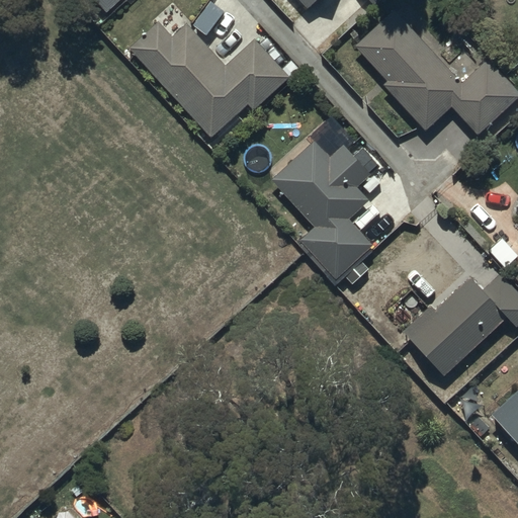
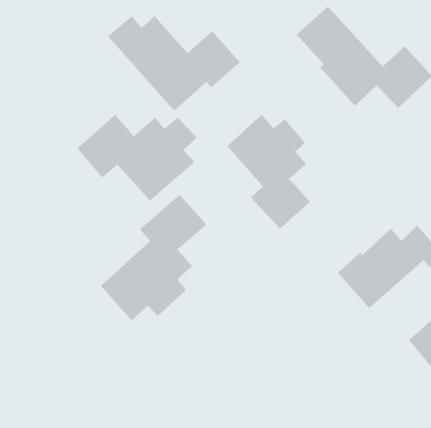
building: none -> [77,114,197,201]
building: none -> [100,194,207,321]

